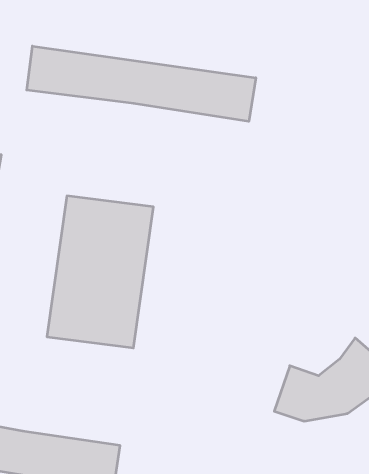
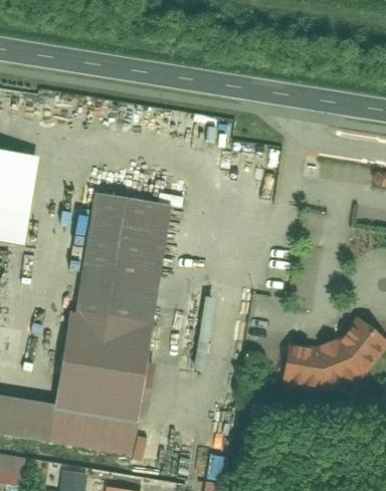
building: [27,46,256,121] -> none
building: none -> [54,317,155,417]

